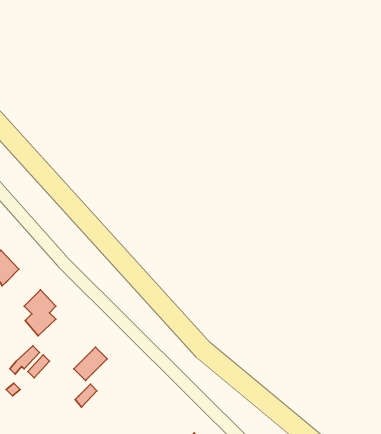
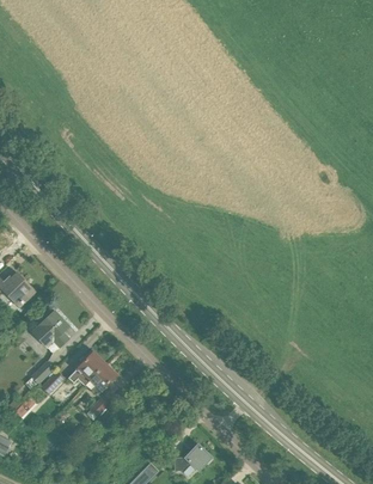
building: none -> [68,349,105,385]

